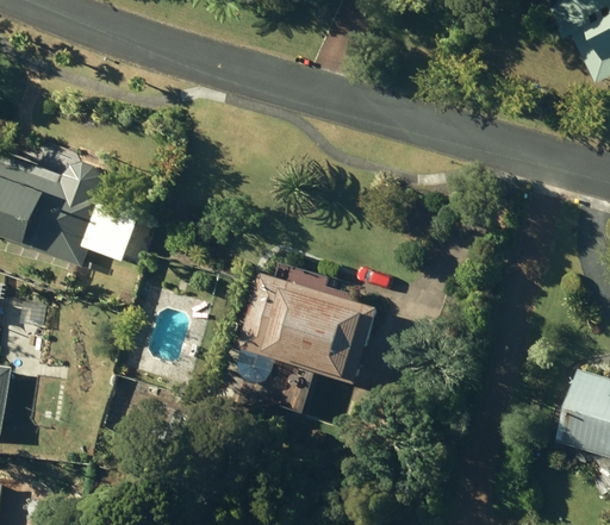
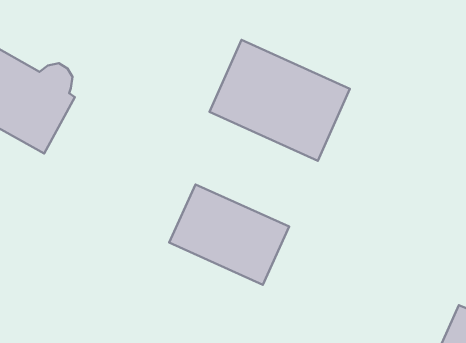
building: none -> [209,40,350,161]

